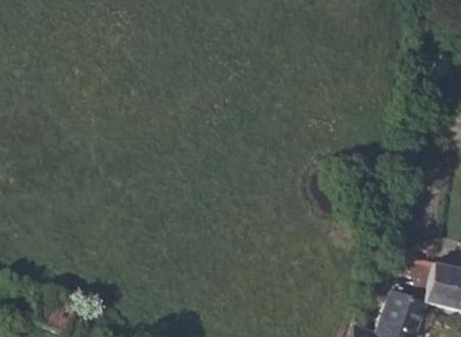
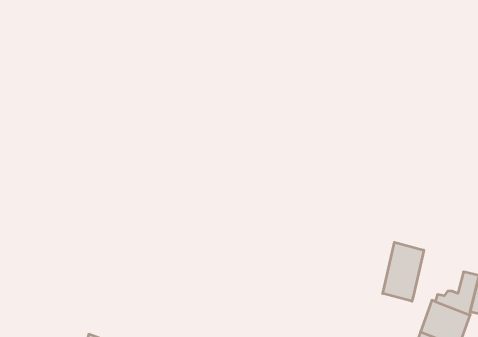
building: none -> [383,242,424,301]

